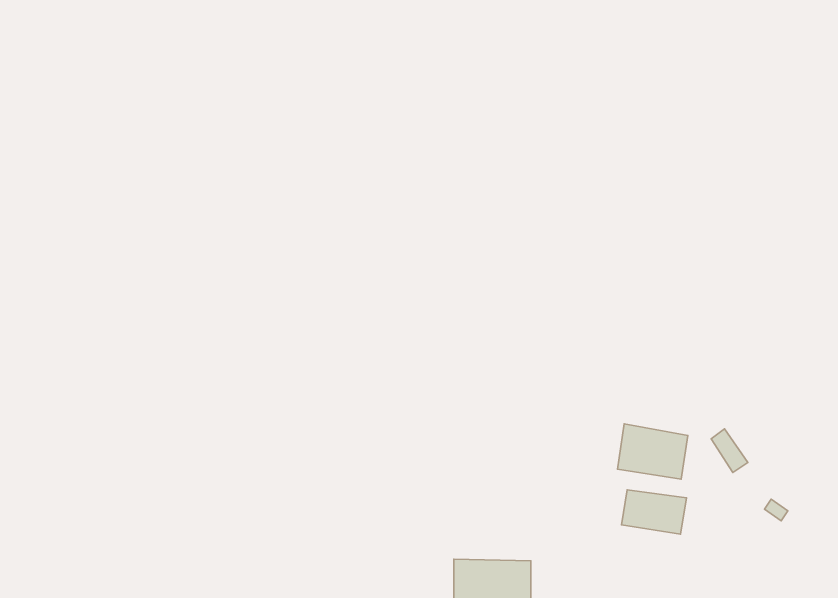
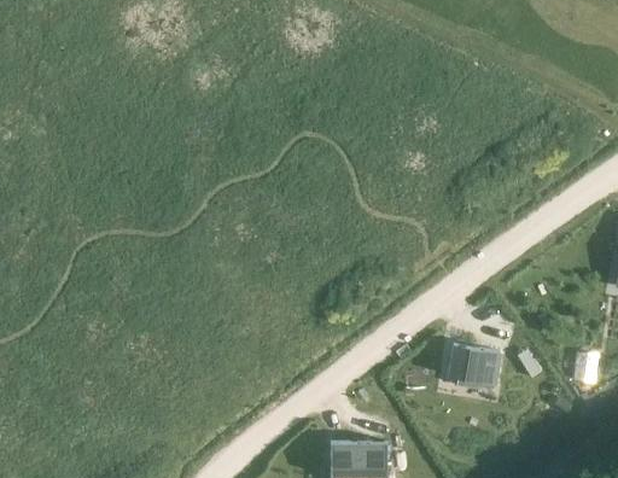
building: [622,490,687,534] -> none

